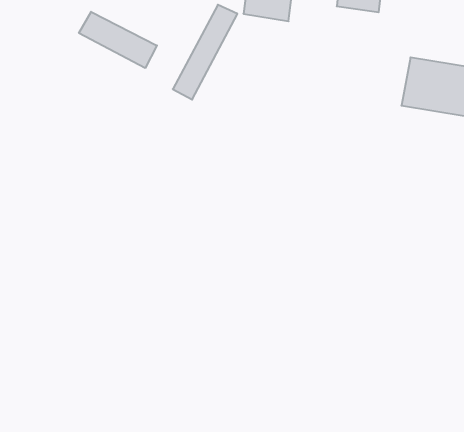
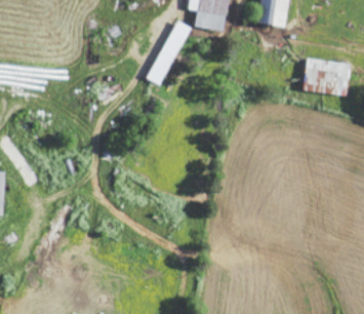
building: [79,12,157,68] -> none

